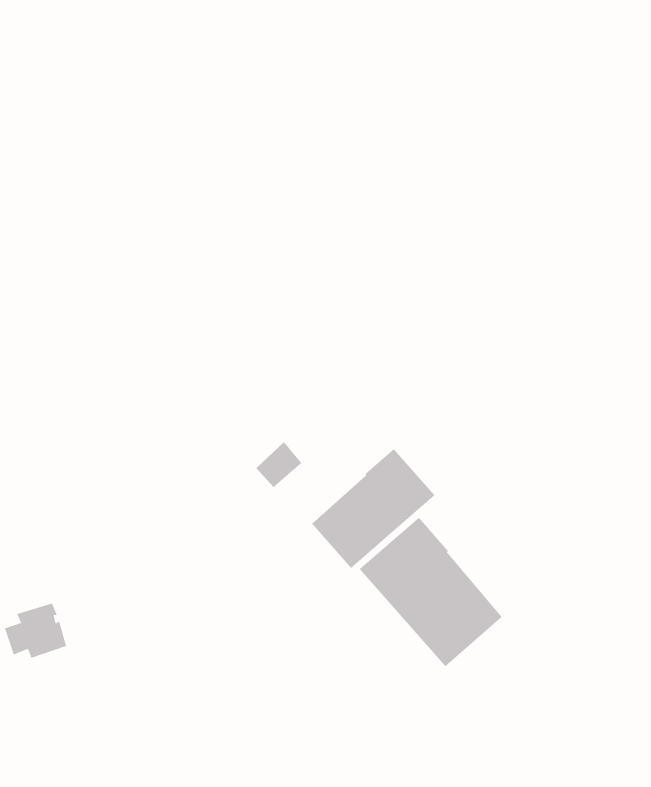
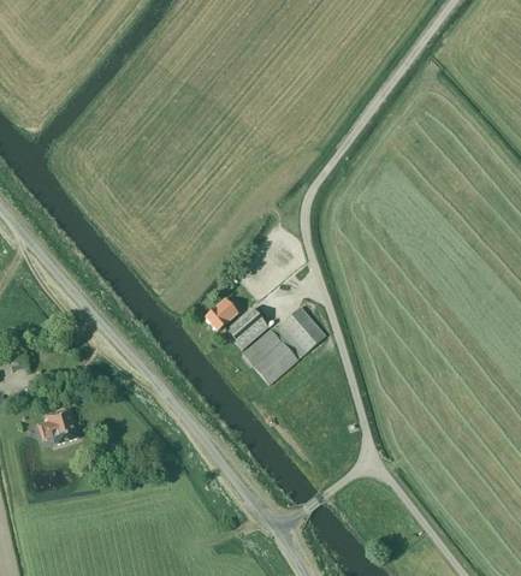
building: none -> [225,307,267,349]
building: [359,517,503,667] -> none

